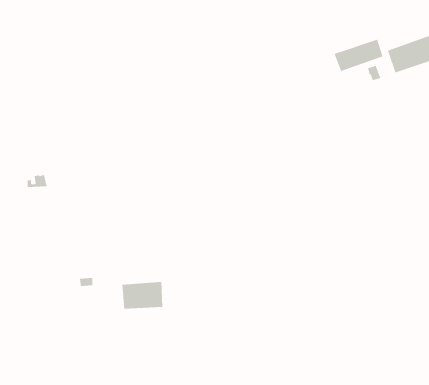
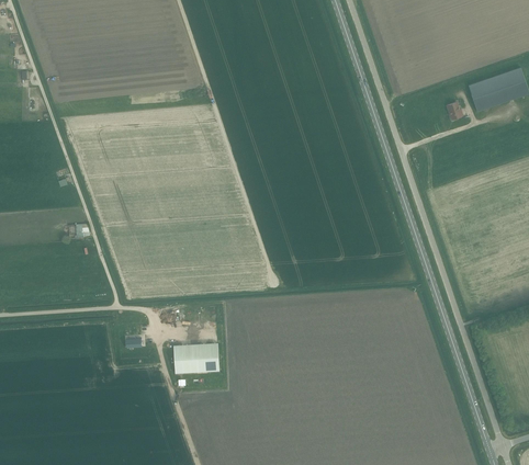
building: [334,39,383,72] -> none

